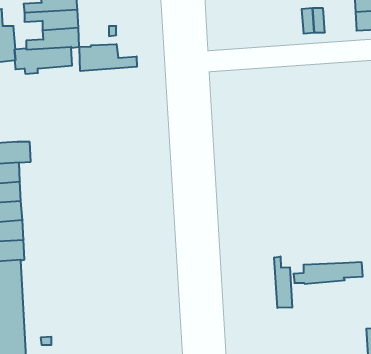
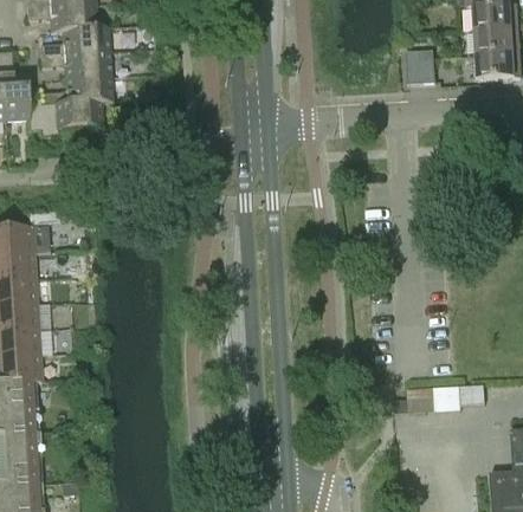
building: [79,44,137,71] -> none
building: [274,256,292,308] -> none

